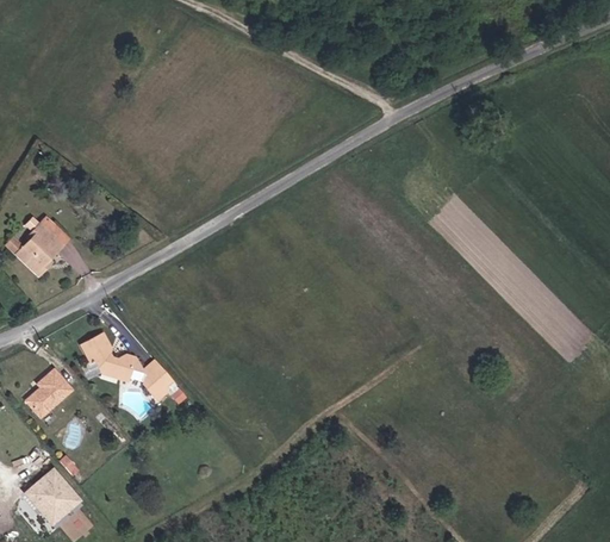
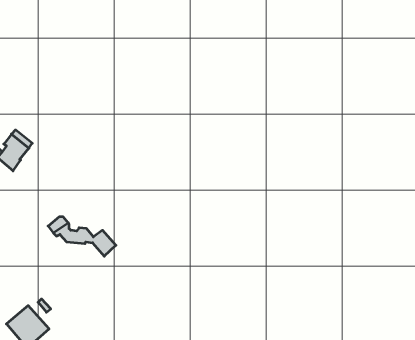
building: [30,365,79,418] -> none

